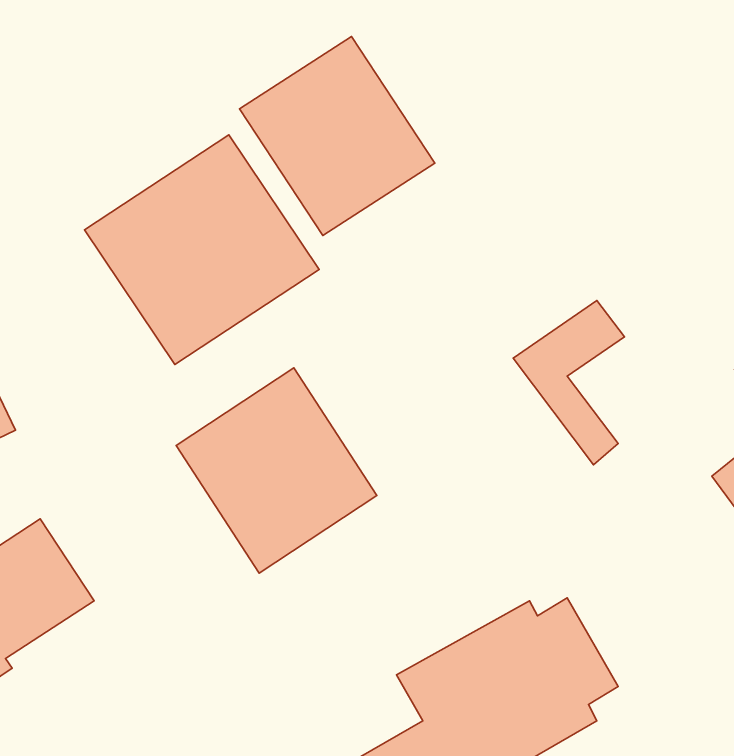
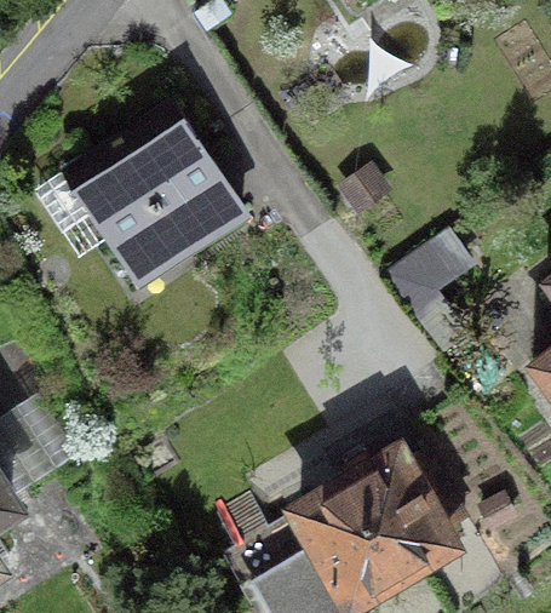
building: [239,36,435,236] -> none
building: [176,368,377,573] -> none

